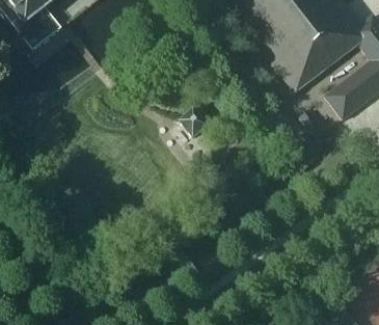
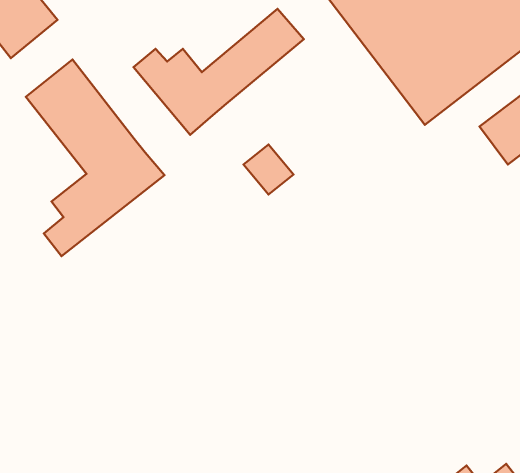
building: none -> [134,9,304,135]
building: none -> [26,60,164,256]

